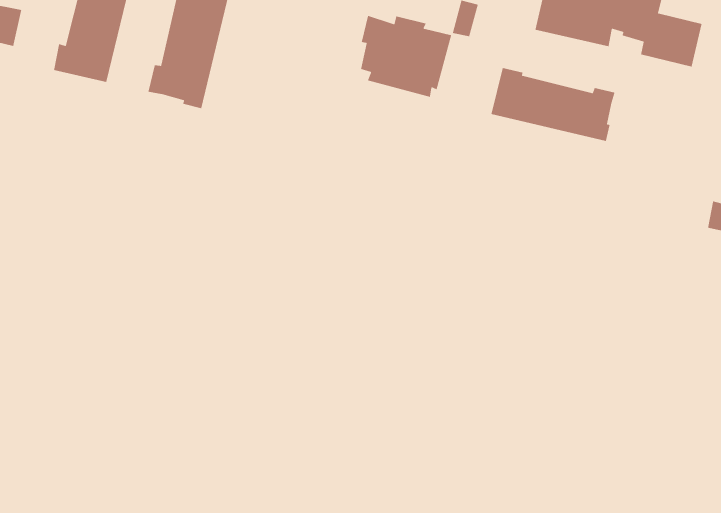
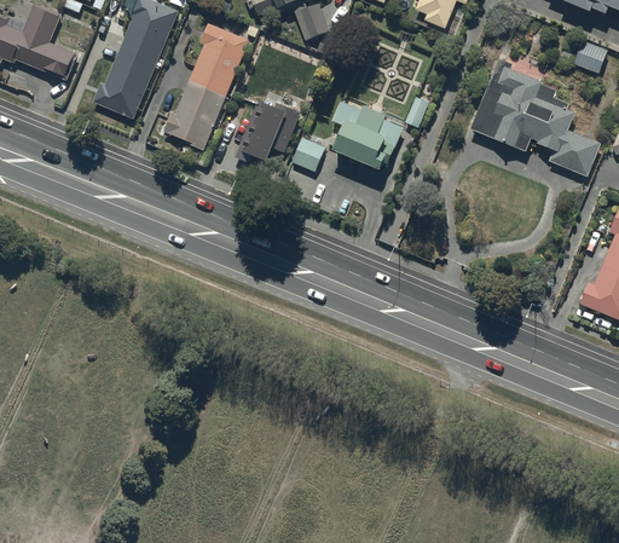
building: none -> [241,102,299,163]
building: [490,67,615,142] -> none
building: none -> [291,137,325,171]

